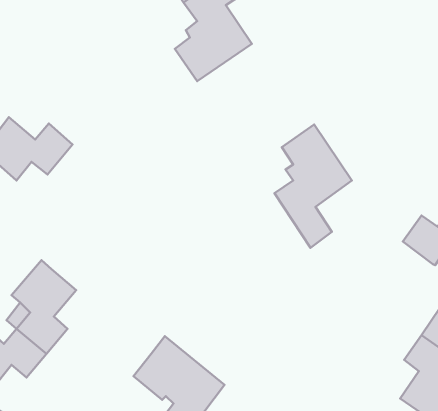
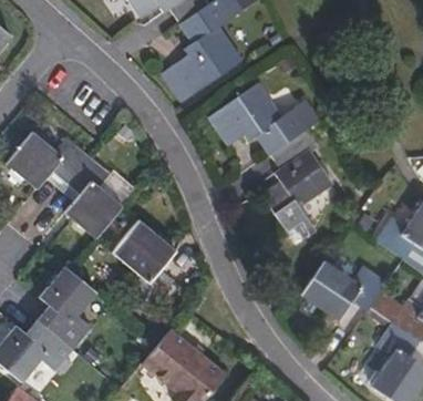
building: none -> [213,88,321,157]
building: none -> [64,155,120,236]
building: none -> [112,219,173,304]
building: none -> [306,260,391,321]

